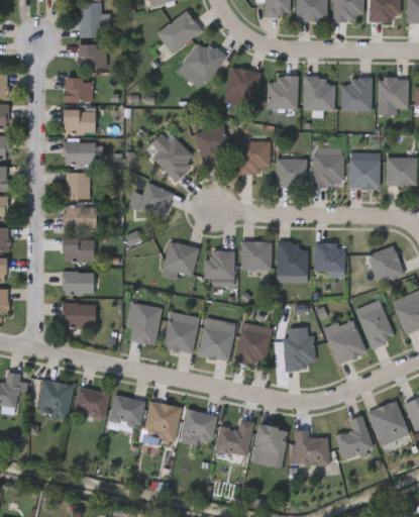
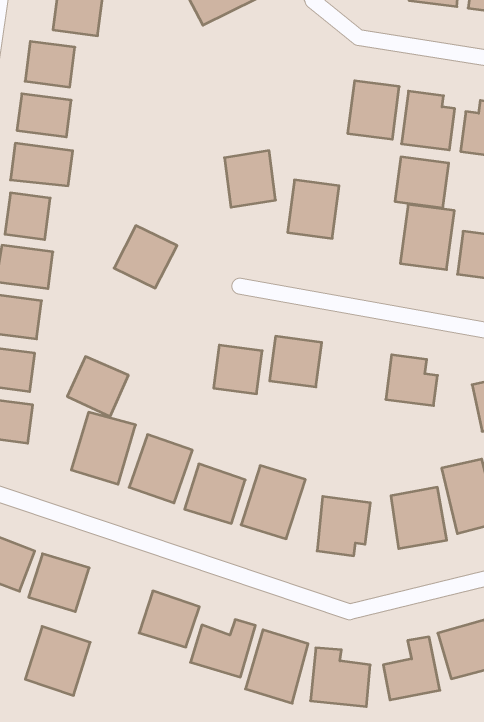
building: [177,39,225,89] -> none
building: [223,67,260,106] -> none
building: [152,137,193,182] -> none
building: [276,159,306,187] -> [395,157,449,208]
building: [163,240,199,276] -> [67,357,128,417]
building: [277,241,307,275] -> none
building: [143,401,181,441] -> [25,626,90,695]

